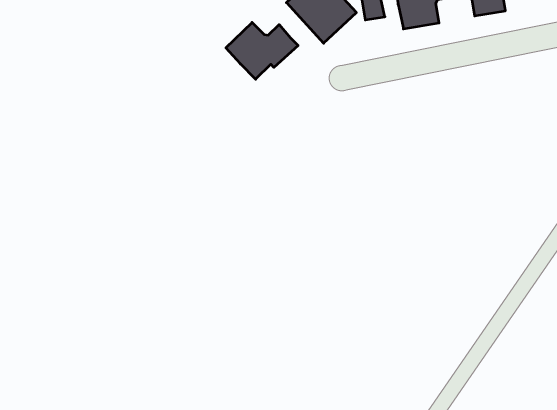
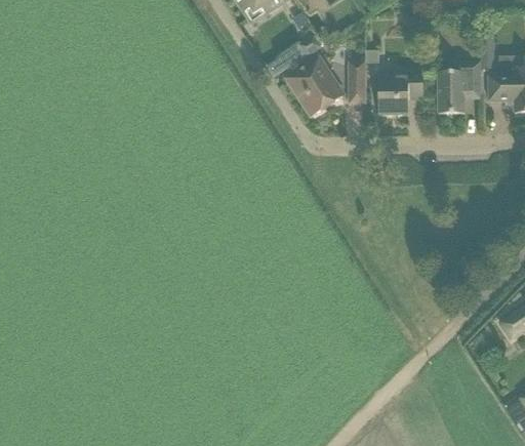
building: [226,22,298,79] -> none

